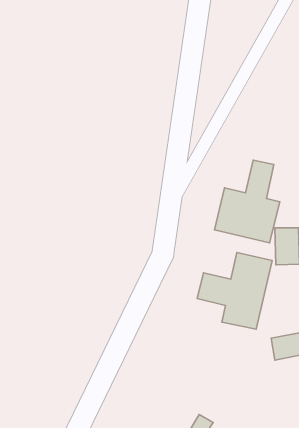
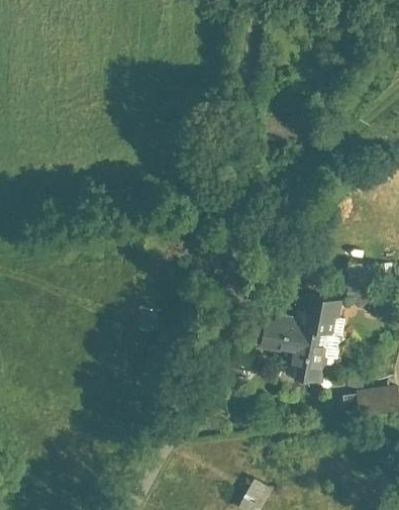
building: [214,160,280,243] -> none

